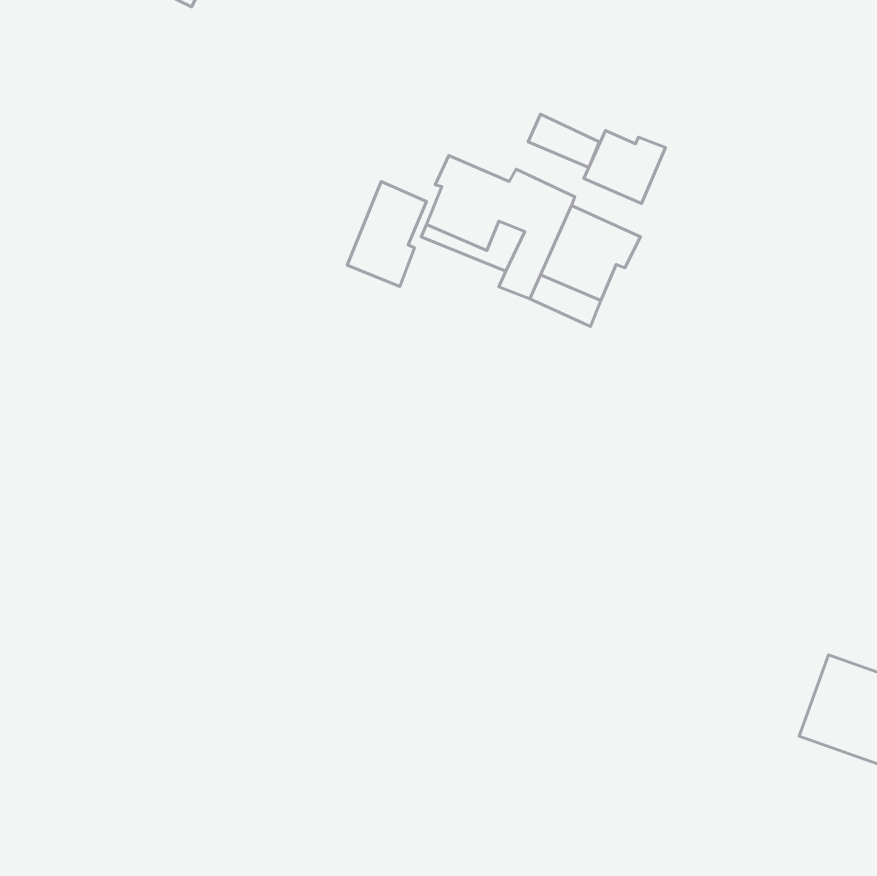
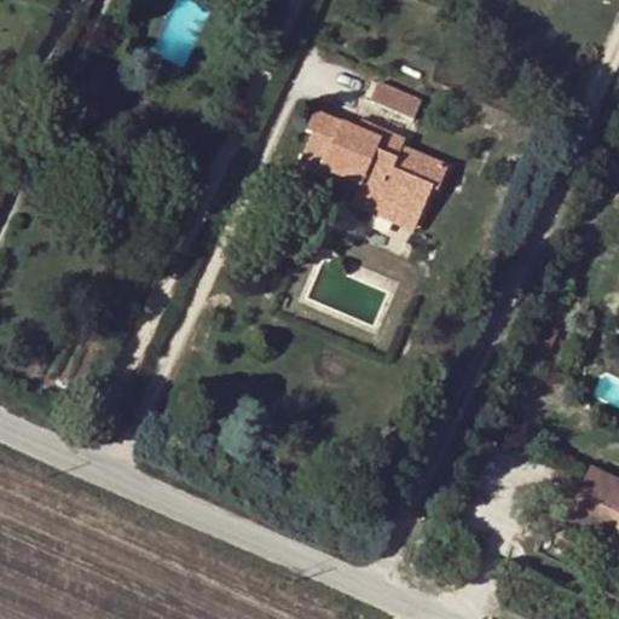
building: [584,130,666,203] -> none
building: [347,182,426,287] -> none

